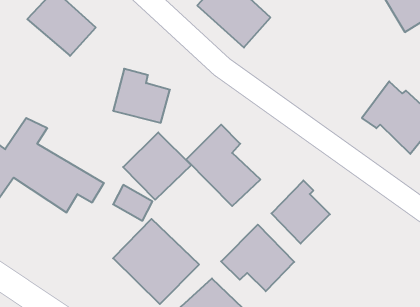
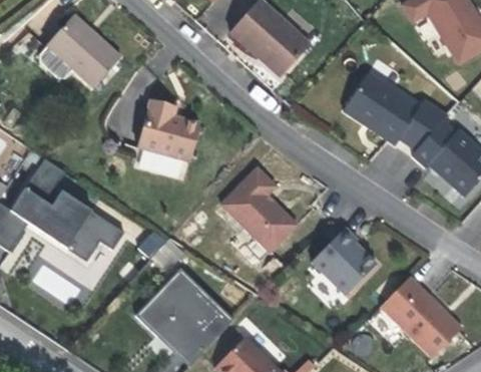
building: none -> [340,70,445,157]
building: [123,132,191,200] -> none
building: none -> [380,274,464,358]
building: [221,225,294,291] -> none

